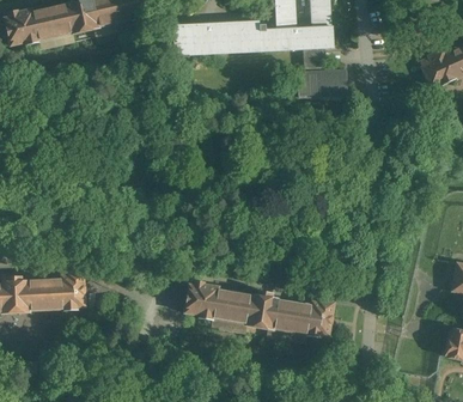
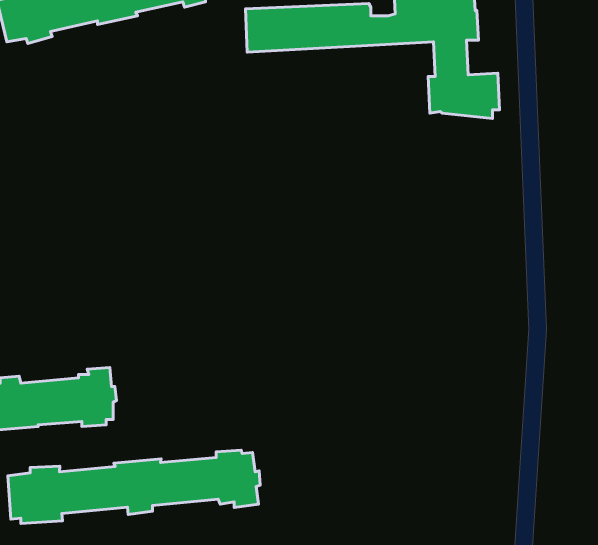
building: [179,278,330,336] -> none
building: none -> [8,450,260,524]

